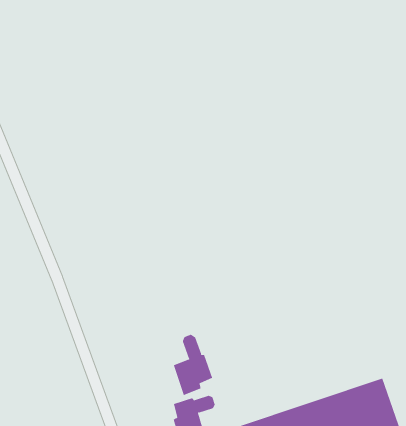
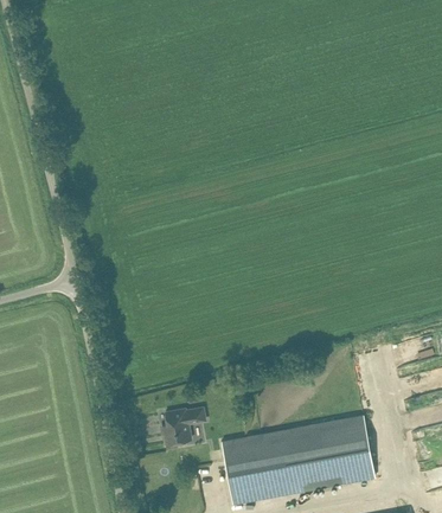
building: [173,334,213,396] -> none

